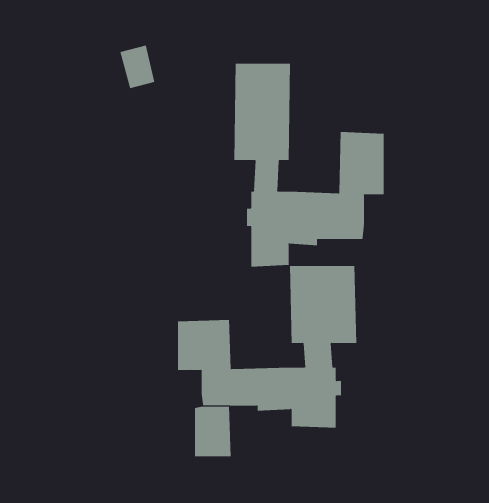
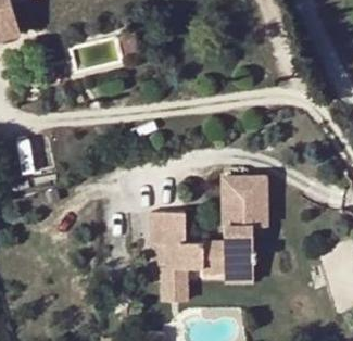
building: [234,63,384,267] -> none

